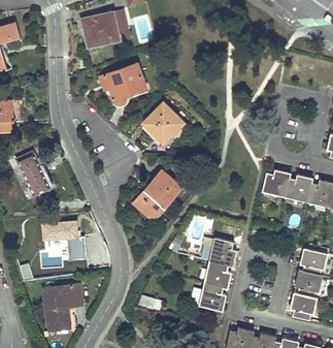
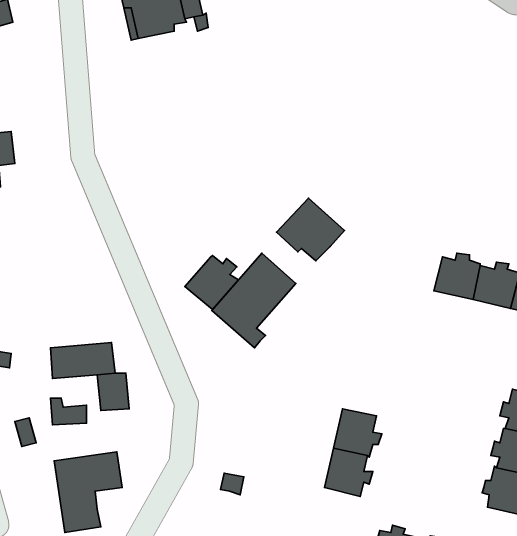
building: [100,64,146,104] -> none
building: [144,104,184,140] -> [276,198,344,261]
building: [18,152,51,195] -> none
building: none -> [185,256,238,310]
building: [209,238,237,265] -> none

